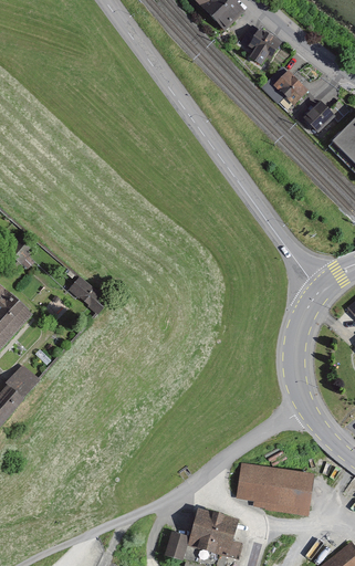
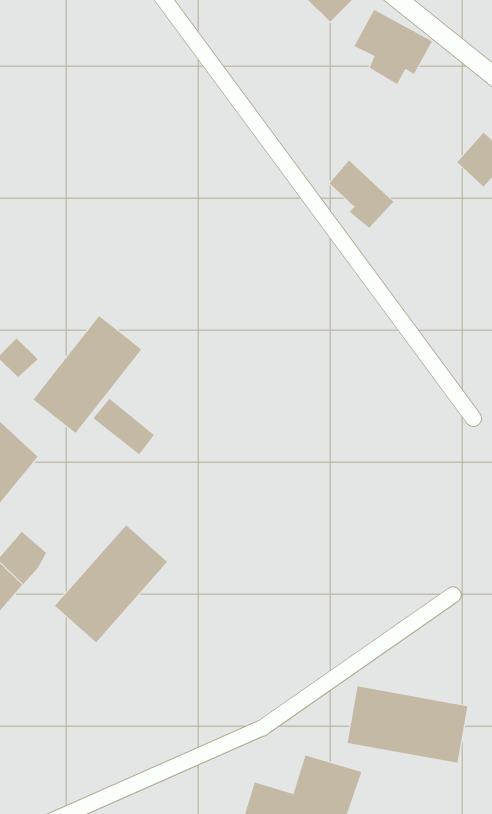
building: [272,65,315,111] -> [329,160,394,229]
building: none -> [32,315,142,434]
building: none -> [54,524,168,643]

